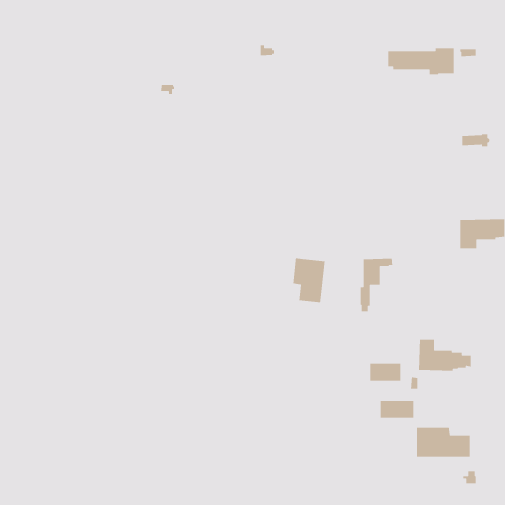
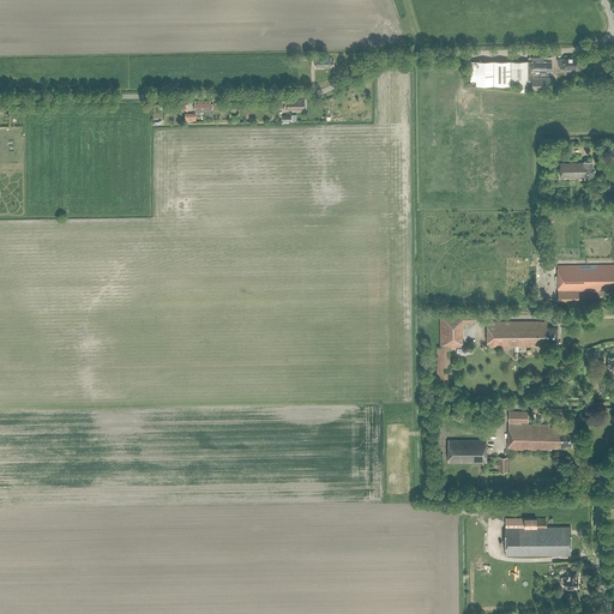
building: [293,258,325,303] -> none
building: none -> [487,321,558,359]
building: [380,400,414,418] -> none

